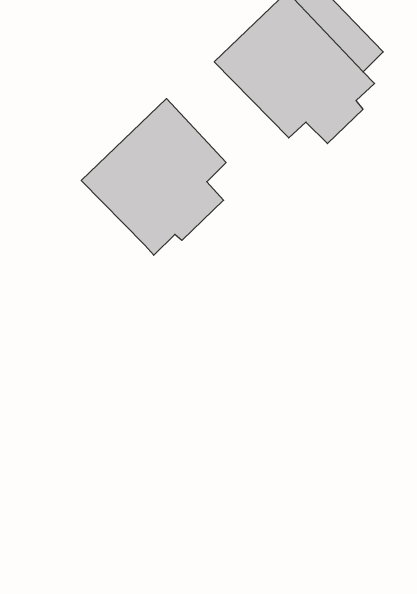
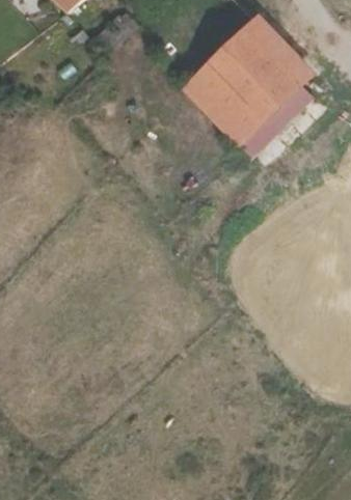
building: [81,99,226,255] -> none

